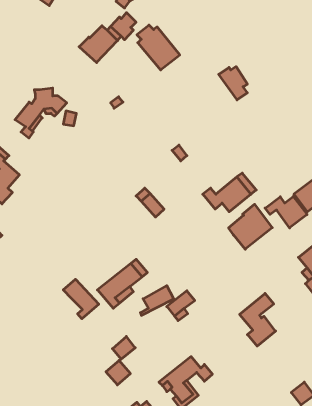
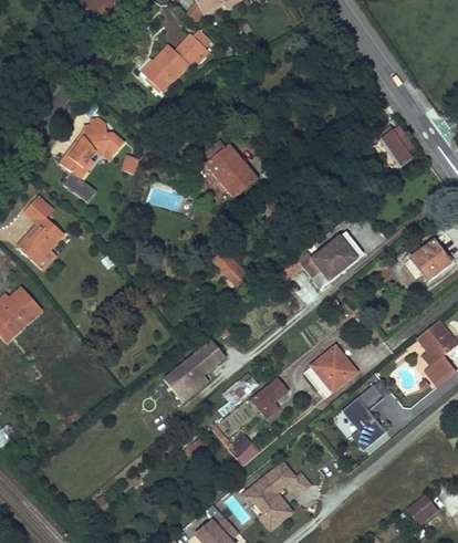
building: [137,25,180,70] -> [204,142,258,198]
building: [219,67,247,100] -> [376,125,413,167]
building: [265,196,307,228] -> none
building: [229,204,272,249] -> none
building: none -> [310,347,355,393]
building: [63,279,99,319] -> none
building: [106,360,130,385] -> [228,434,259,464]

